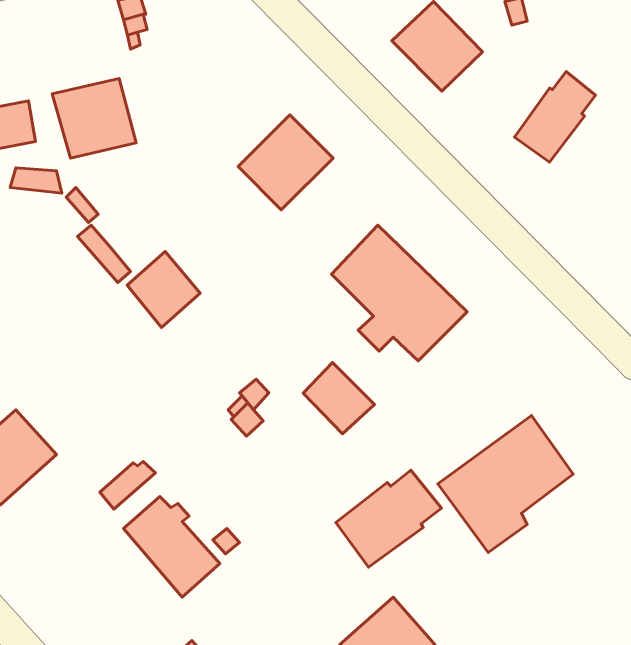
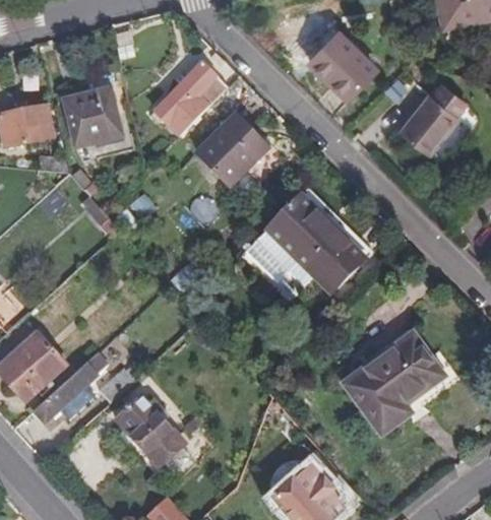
building: none -> [152,63,227,137]
building: [127,251,200,328] -> none
building: [303,362,375,434] -> [245,232,297,283]
building: none -> [34,352,108,420]
building: [336,470,441,567] -> none

